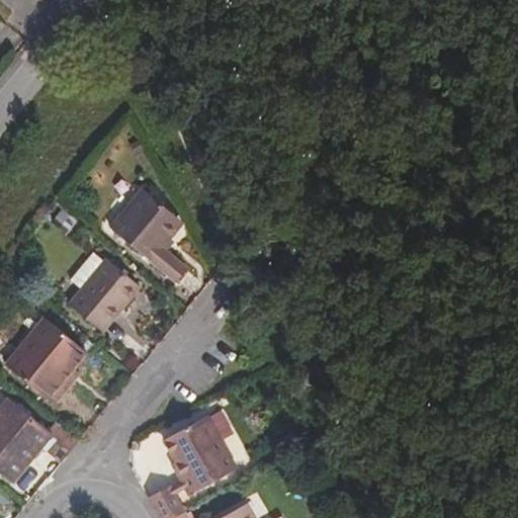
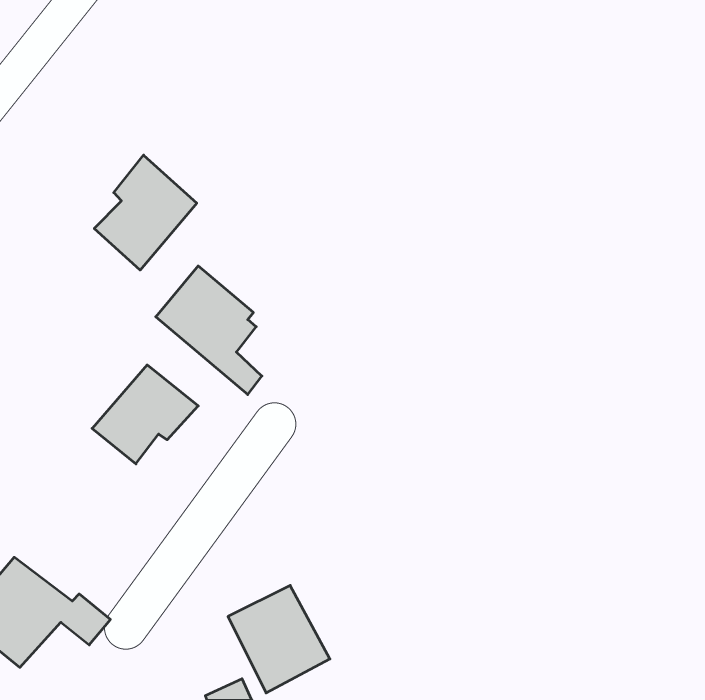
building: none -> [94,155,197,270]
building: [4,322,83,397] -> none

